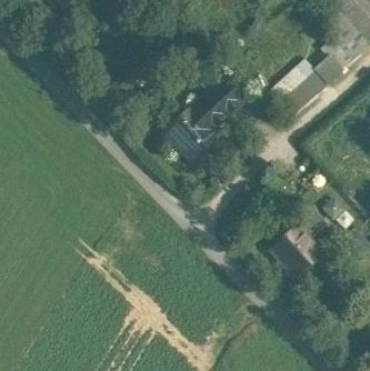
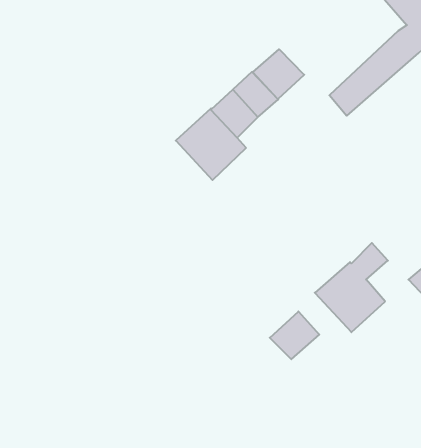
building: none -> [253,49,304,99]
building: none -> [270,311,319,359]

